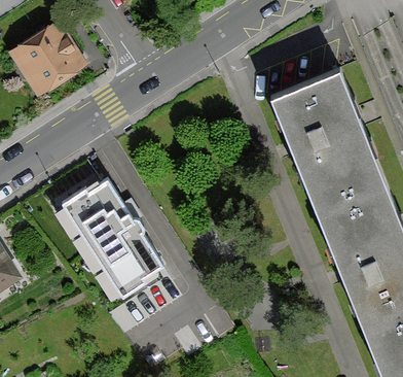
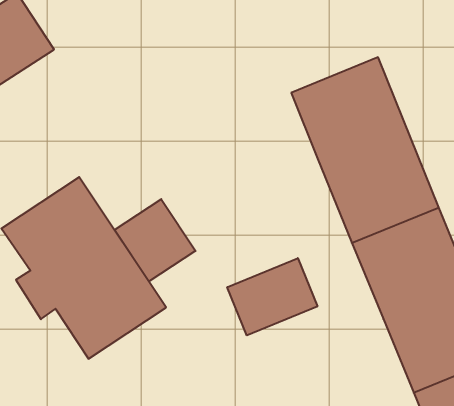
building: none -> [115,199,196,282]
building: none -> [227,258,317,335]

